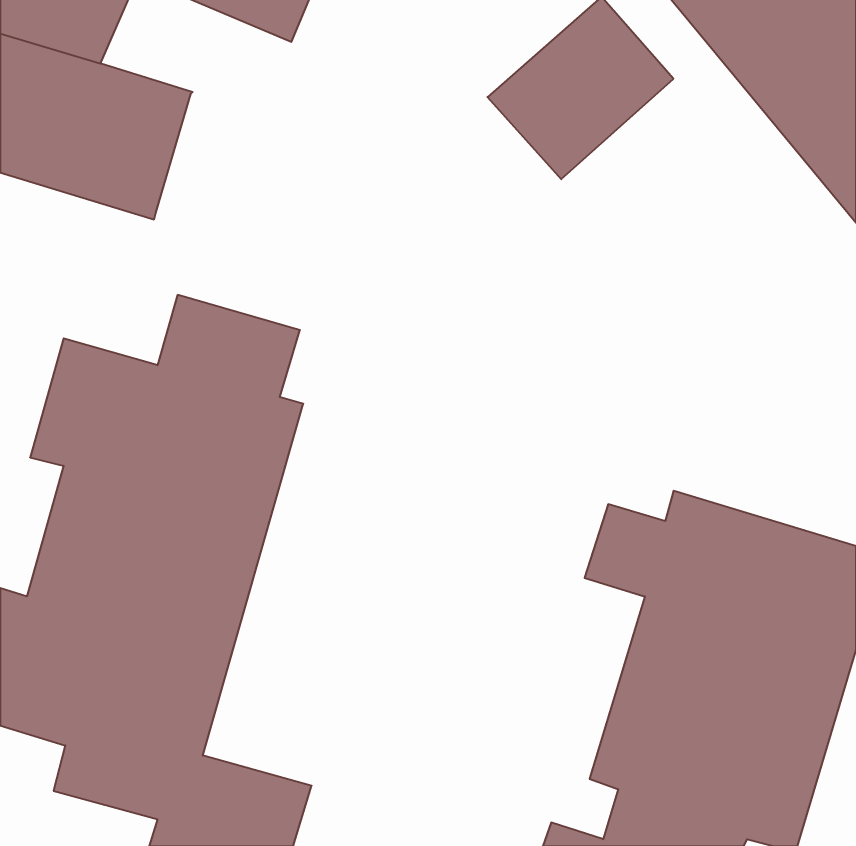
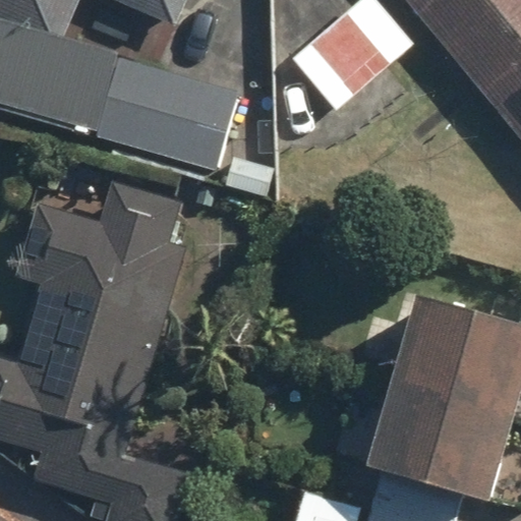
building: none -> [95,57,239,166]

